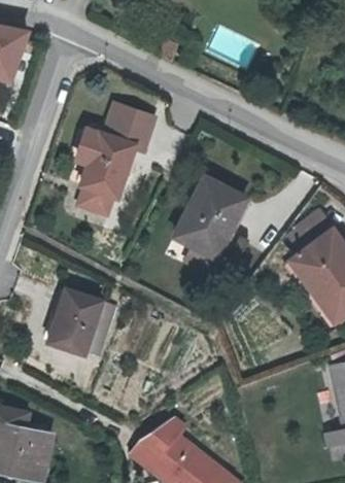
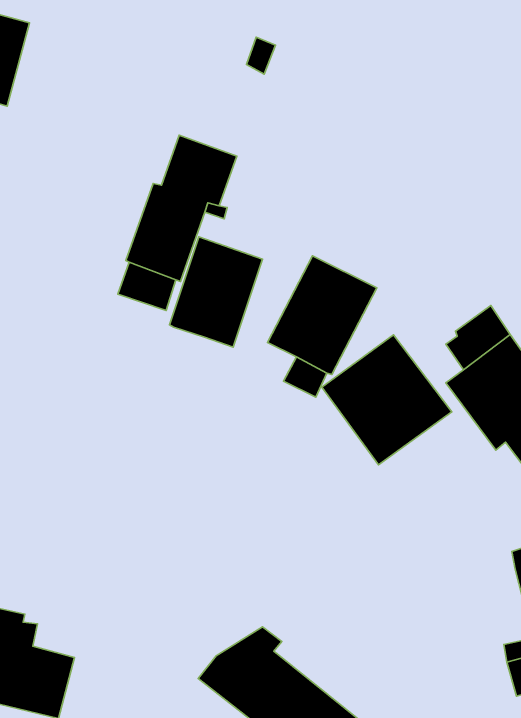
building: none -> [169,237,263,347]
building: none -> [322,335,452,465]
building: [49,287,119,356] -> none

